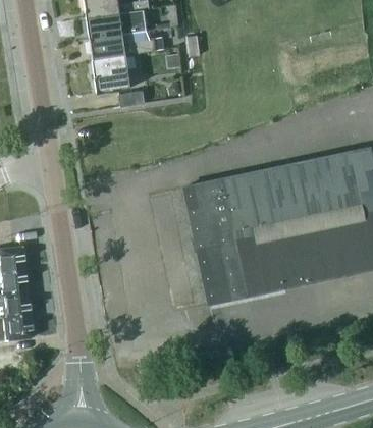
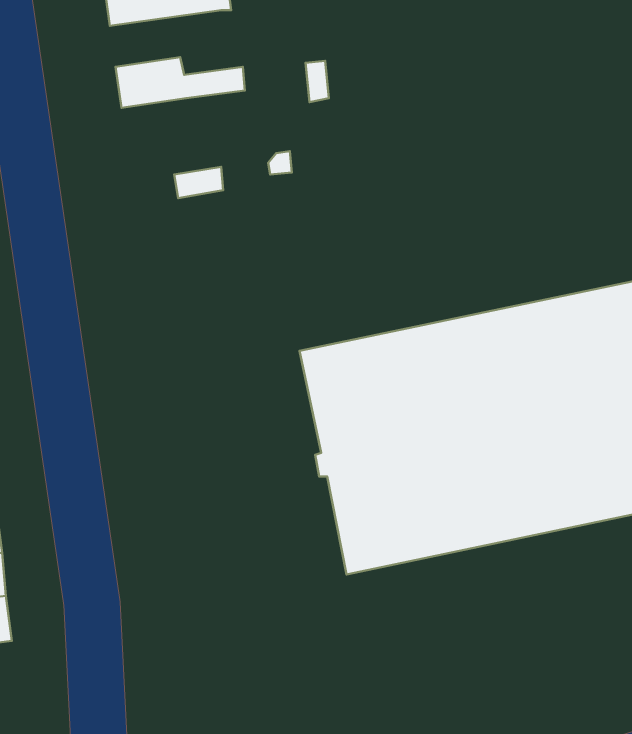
building: [85,9,146,39] -> none
building: [91,55,129,93] -> none

